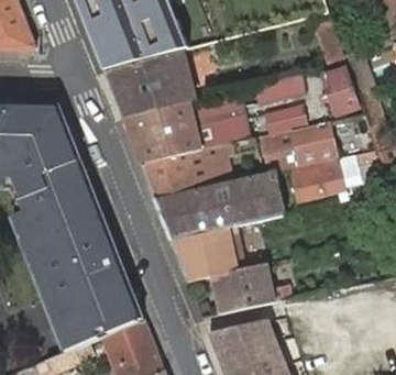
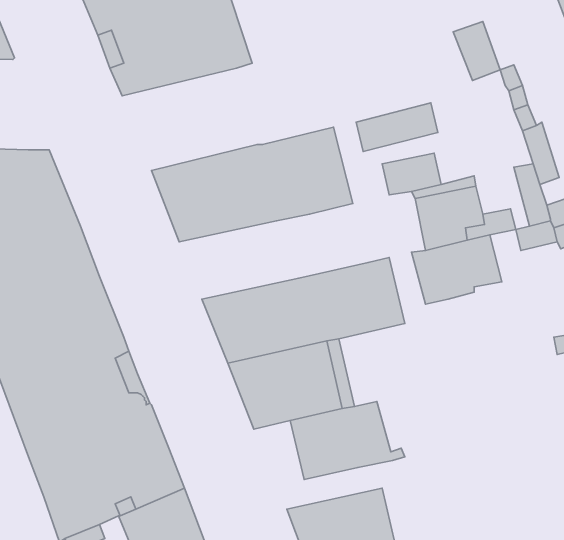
building: [104,53,190,118] -> none
building: [322,67,359,118] -> none
building: [141,145,226,199] -> none

